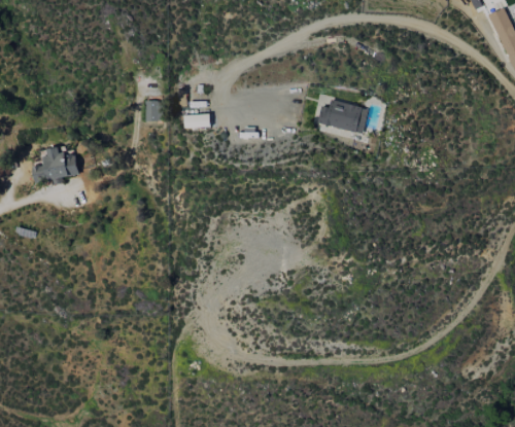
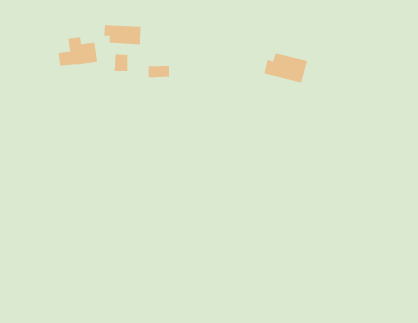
building: none -> [104,24,141,45]
building: [33,147,79,181] -> [58,37,98,66]

